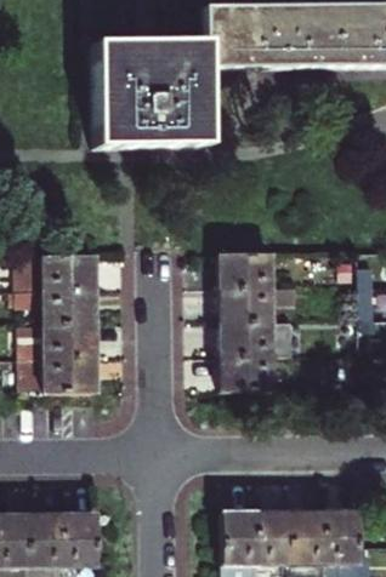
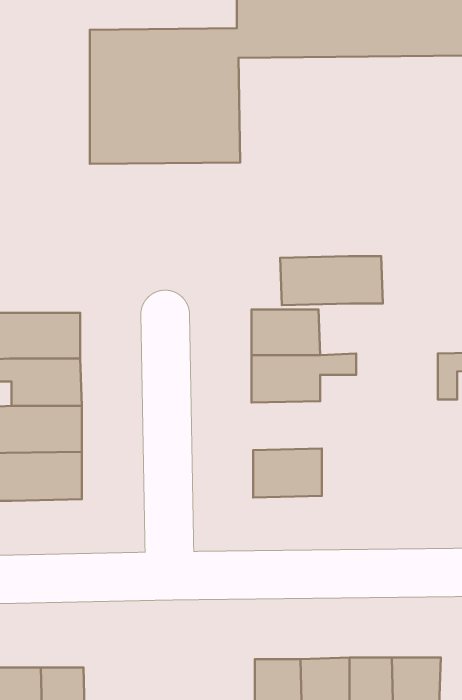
building: [221,321,297,358] -> [280,256,383,305]

